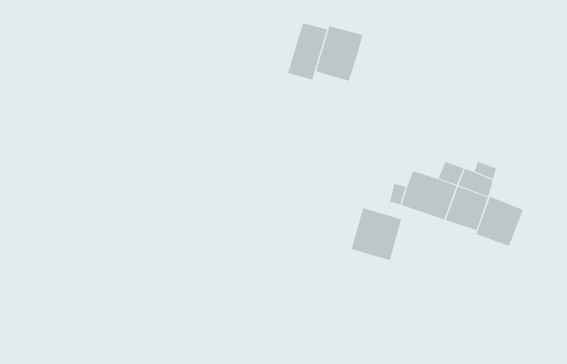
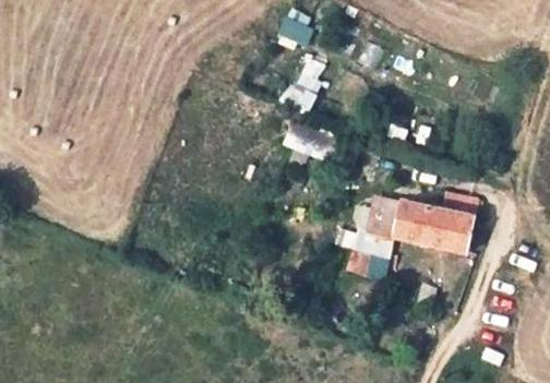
building: [315,25,363,82] -> none
building: [476,196,524,247] -> none

